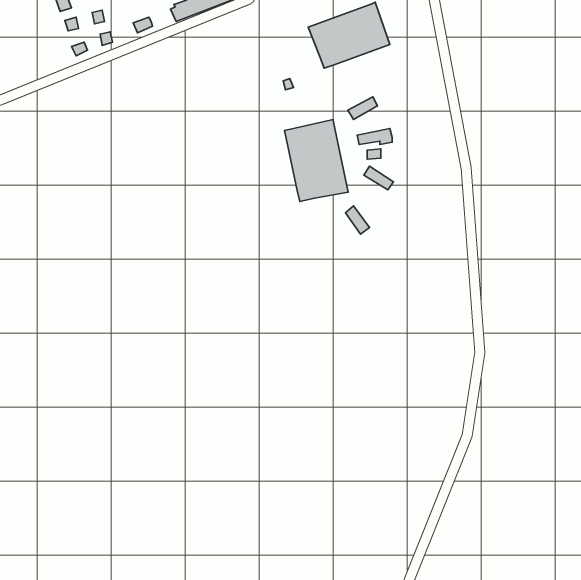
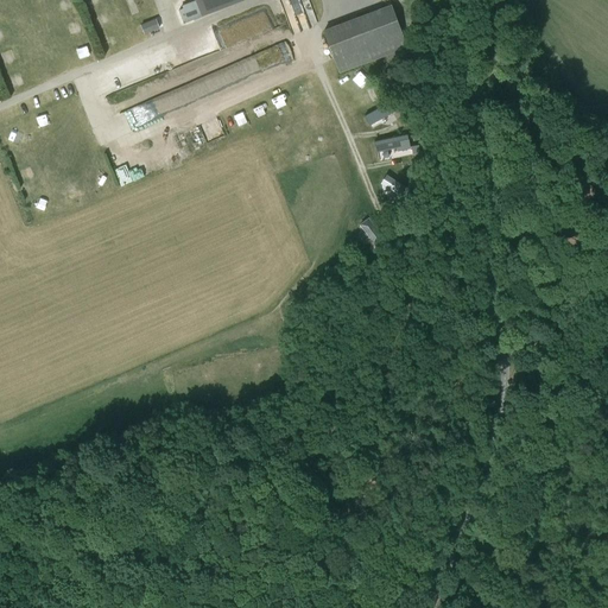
building: [284,120,348,201] -> none

